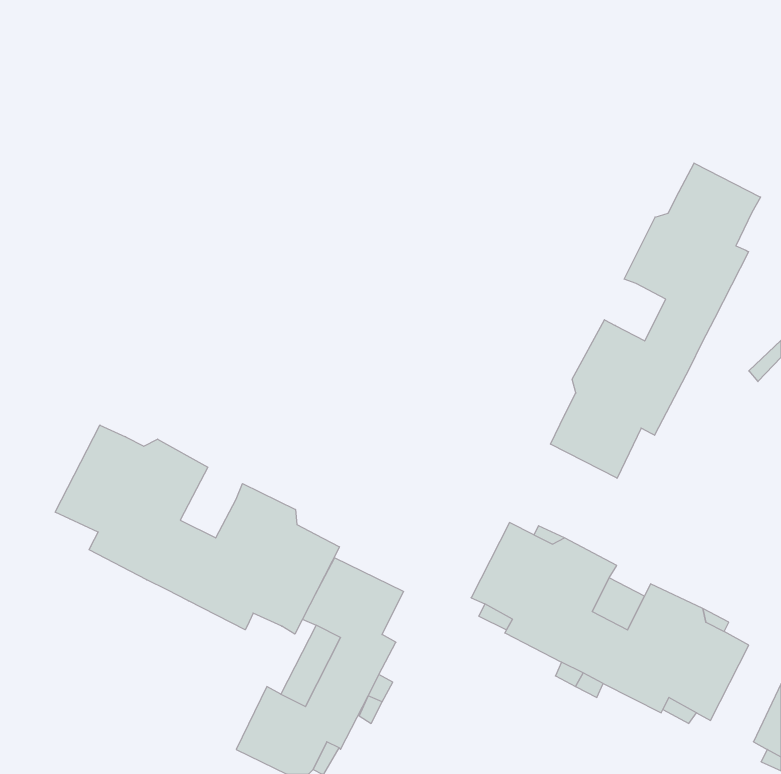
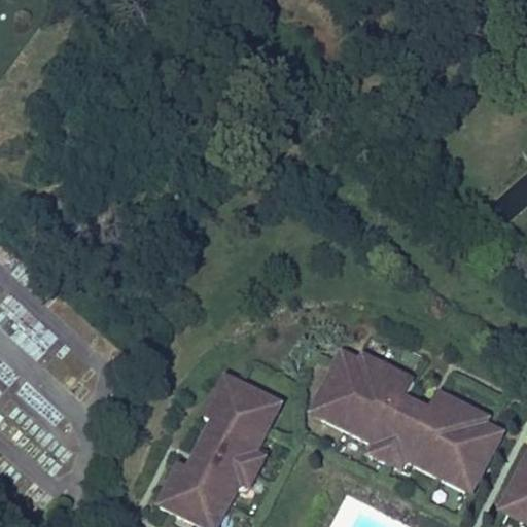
building: [551,163,761,478] -> none
building: [55,425,339,634] -> none

